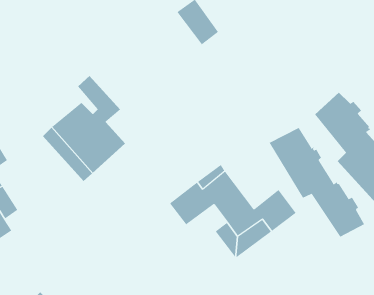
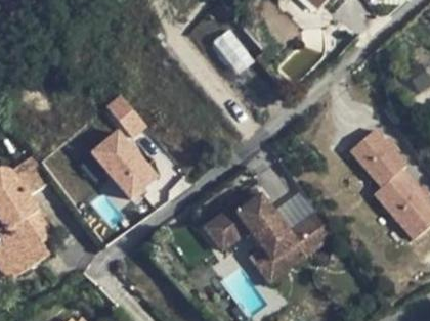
building: [269,127,365,237] -> none

